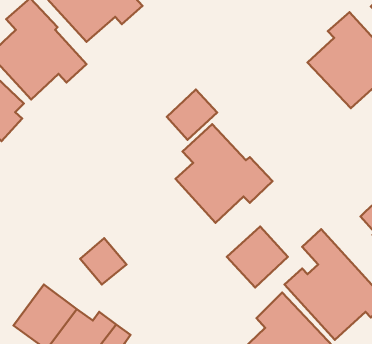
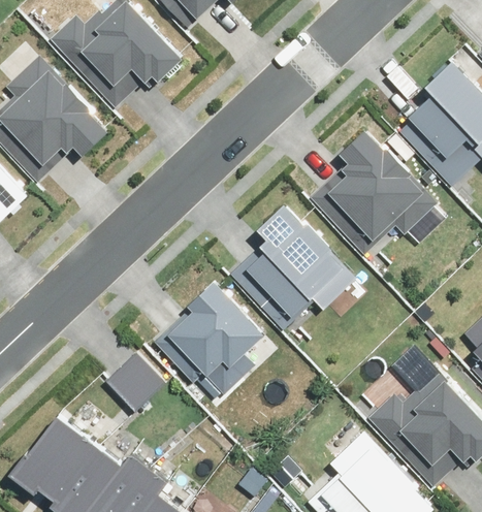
building: none -> [313,135,439,255]
building: [167,90,217,140] -> none
building: none -> [155,288,263,398]
building: [227,226,288,287] -> none

